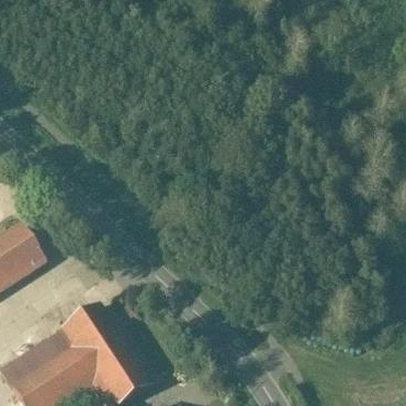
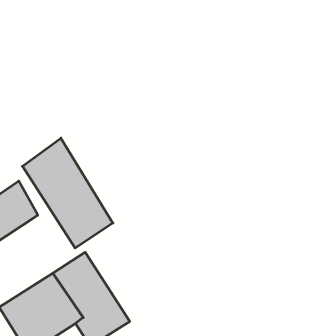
building: none -> [22,138,113,248]

